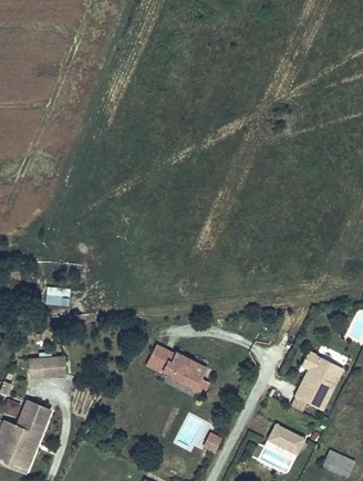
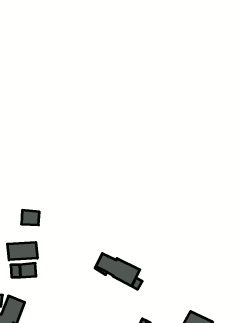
building: none -> [7,242,37,260]
building: [293,351,342,410] -> none

